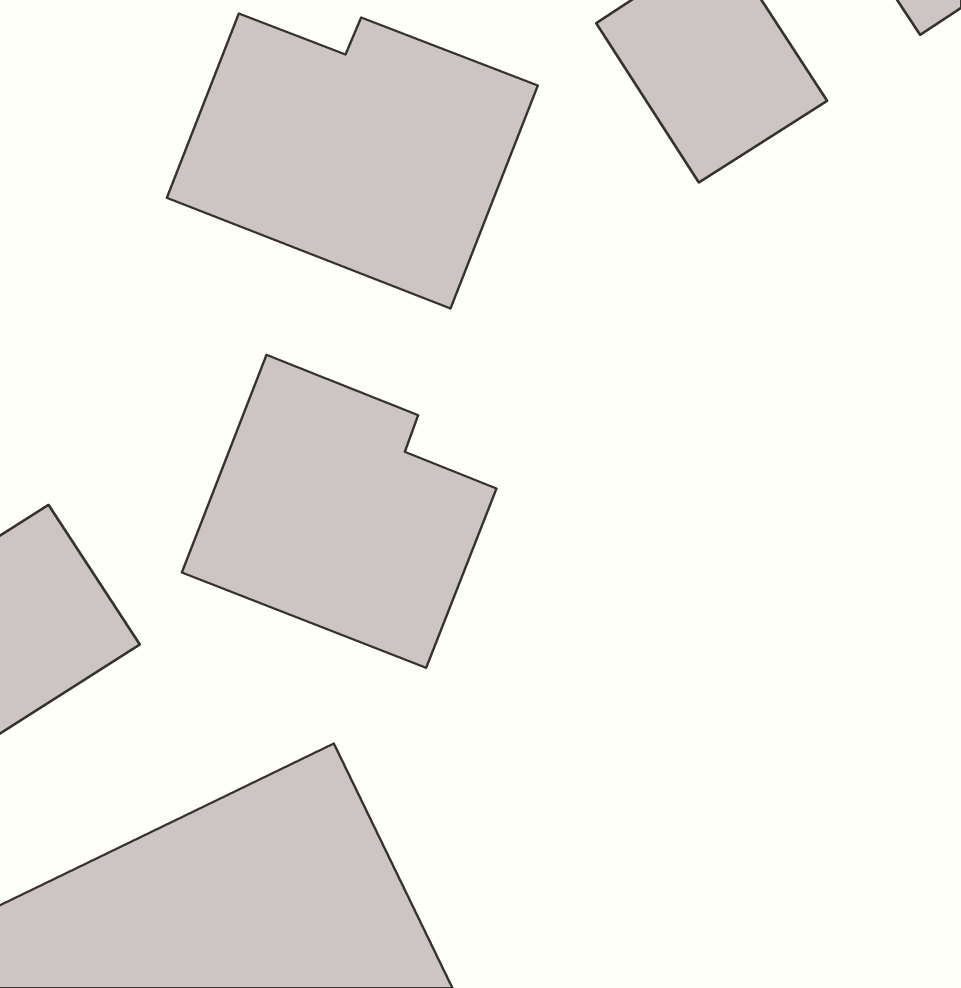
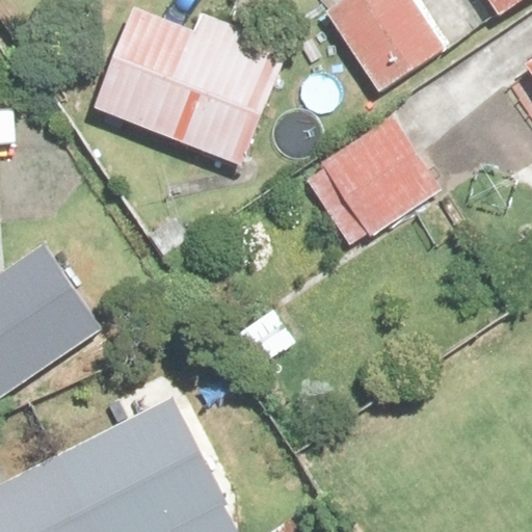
building: none -> [318,118,438,239]
building: [182,355,497,668] -> none

